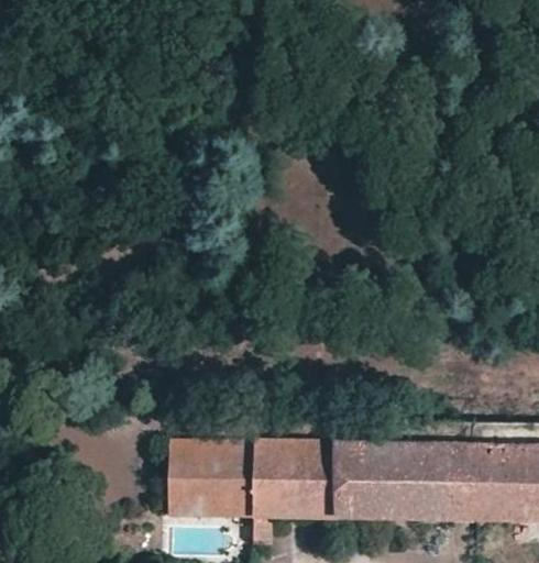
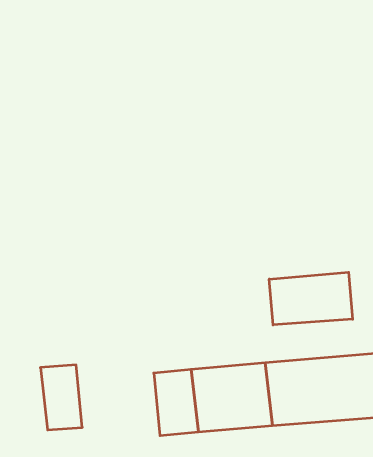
building: none -> [269,272,353,325]
building: [170,441,211,514] -> [40,365,82,430]

